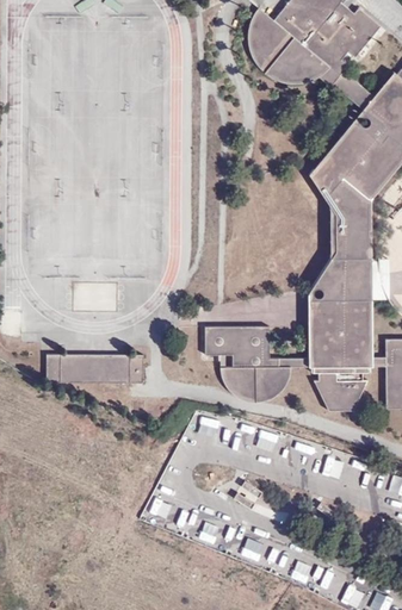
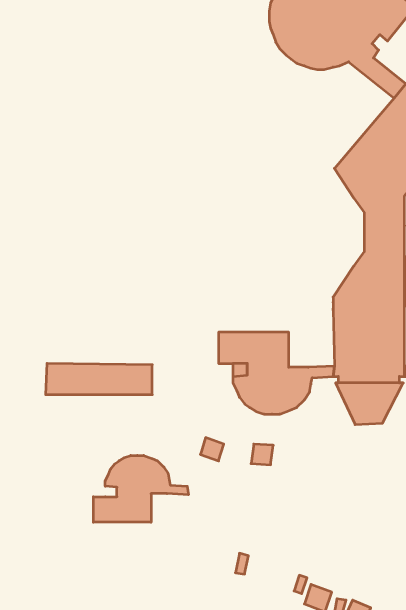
building: none -> [93,455,188,522]

